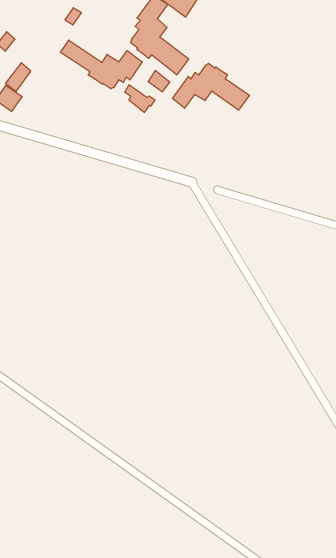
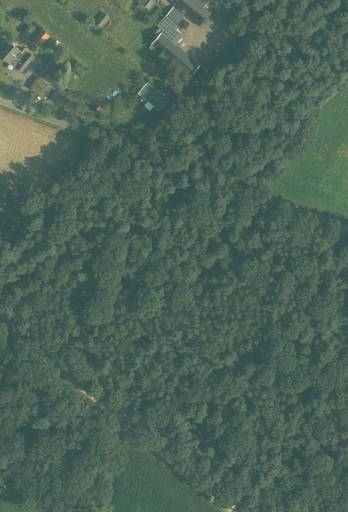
building: [60,40,142,89] -> none
building: [172,63,249,110] -> none

